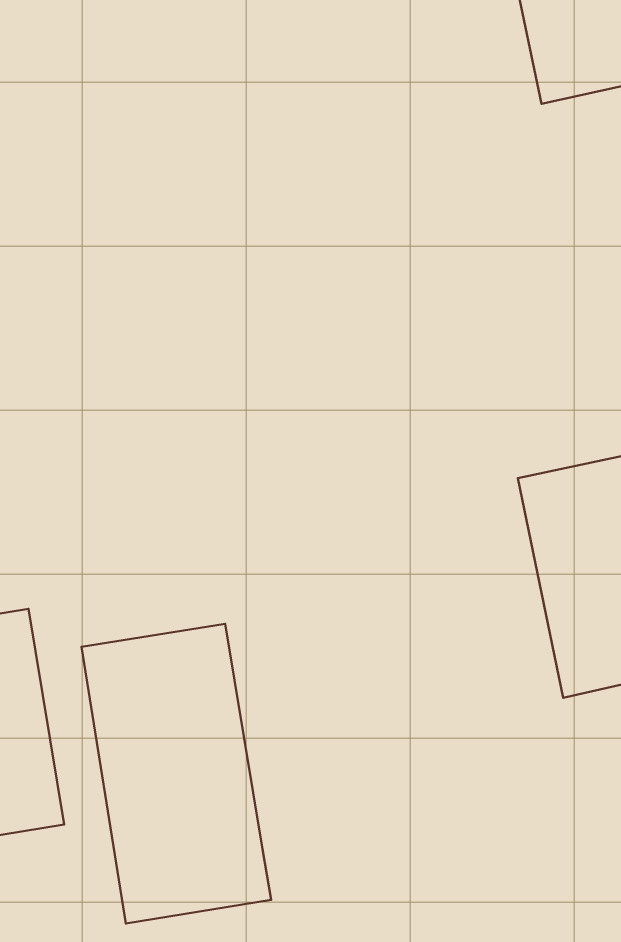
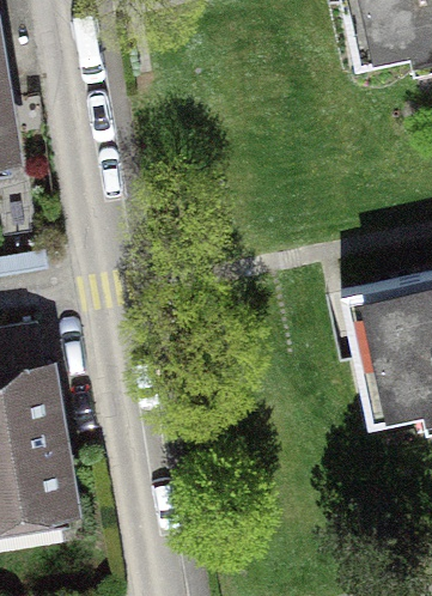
building: [82,624,271,923] -> none

